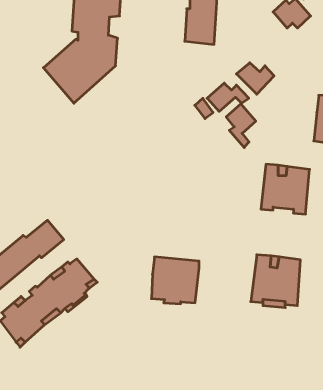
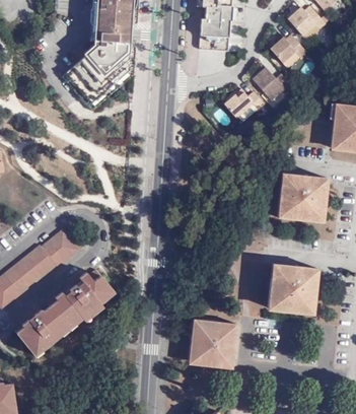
building: none -> [273,37,308,65]
building: [226,104,256,148] -> none
building: [151,257,199,304] -> [188,319,235,365]

